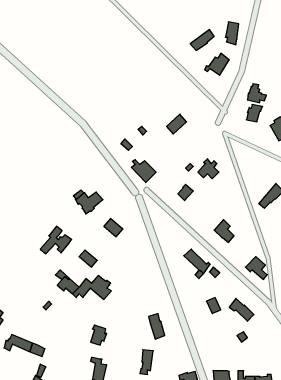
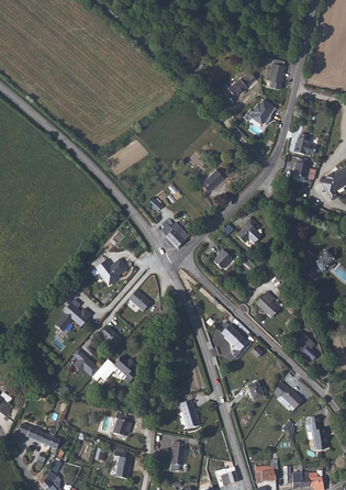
building: none -> [306,416,326,450]

